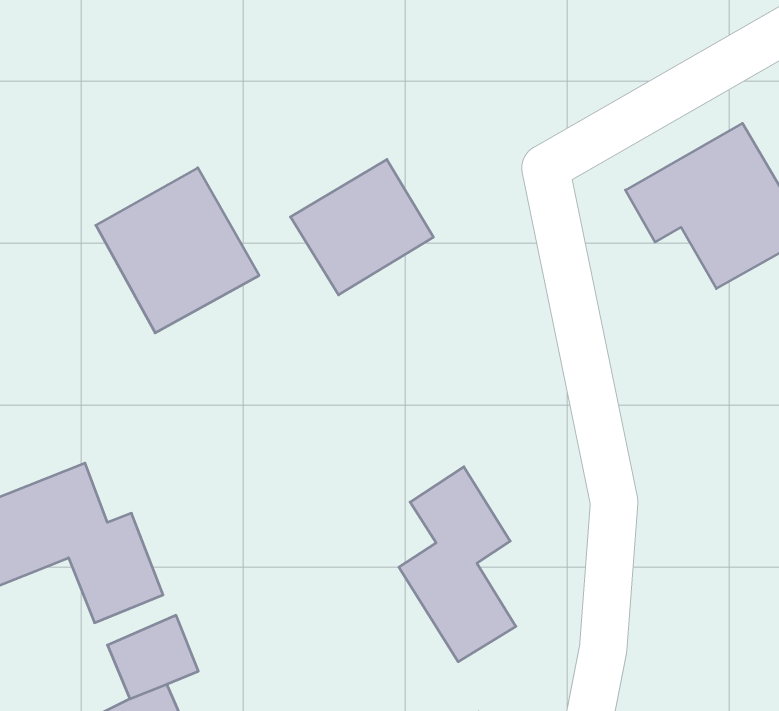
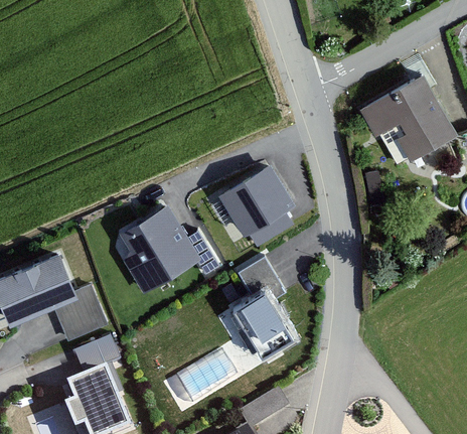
building: [290,159,433,295] -> [221,167,299,241]
building: [96,168,259,333] -> [111,200,199,290]

